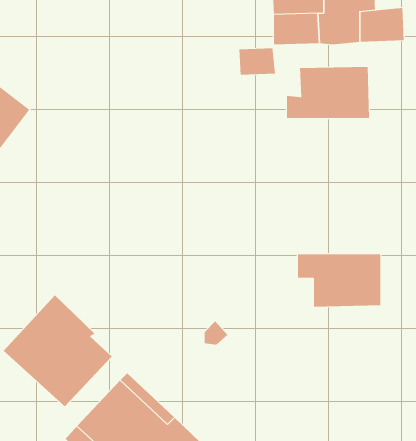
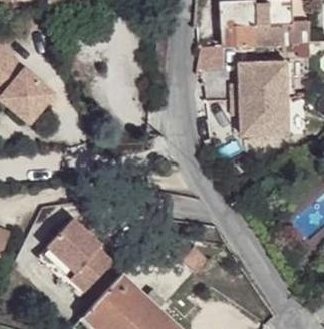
building: [297,254,381,307] -> [232,96,290,133]

